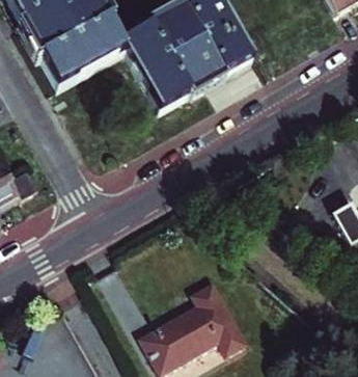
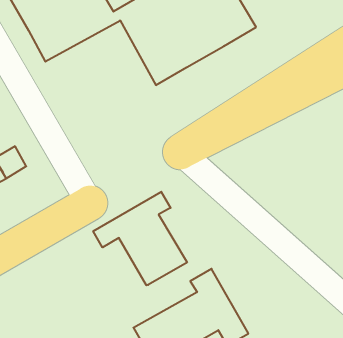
building: none -> [93,192,187,285]

